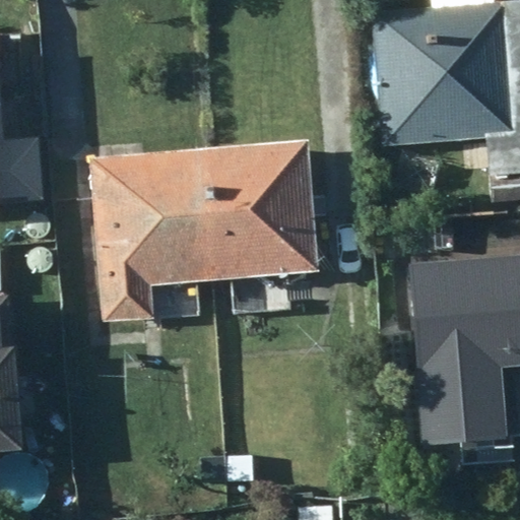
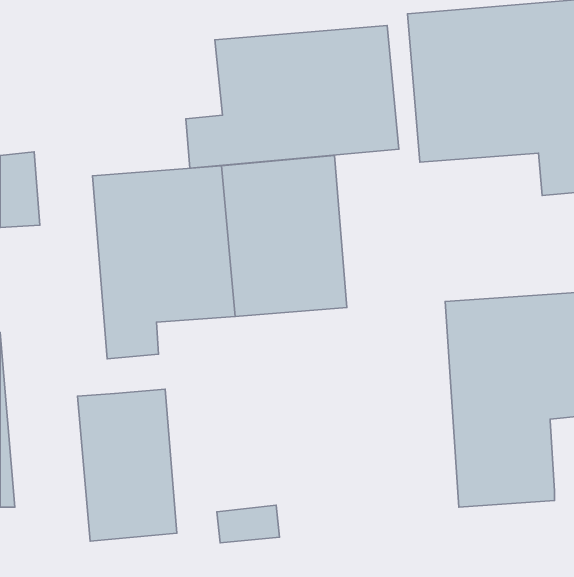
building: none -> [186,26,399,168]
building: none -> [77,389,177,541]

